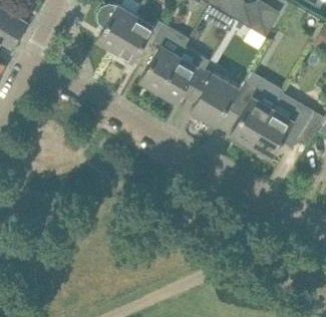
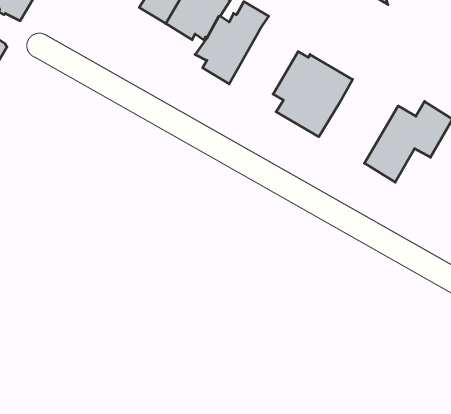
building: [157,54,205,101] -> none
building: [230,80,273,145] -> none

